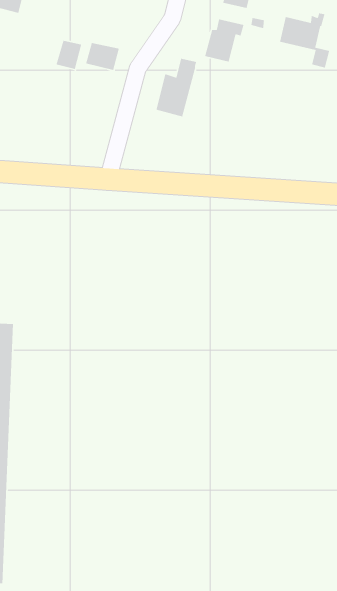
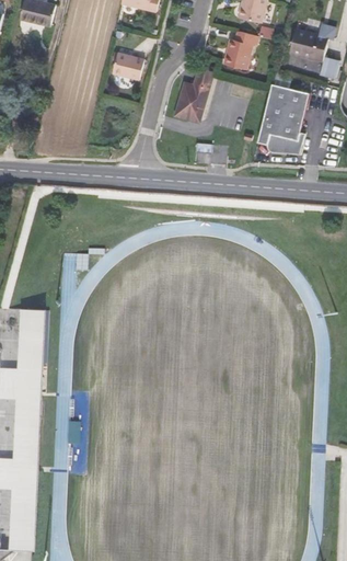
building: [56,40,82,70] -> none
building: none -> [256,82,308,153]

